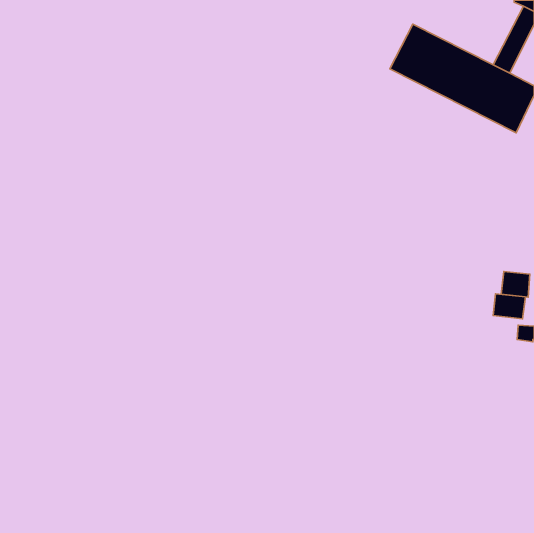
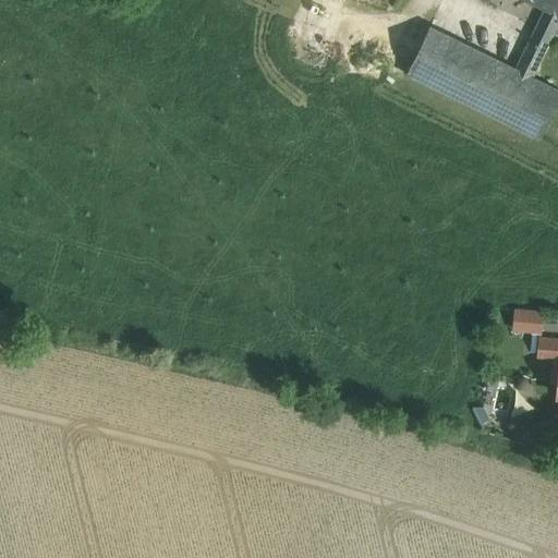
building: [501,272,530,297] -> none

